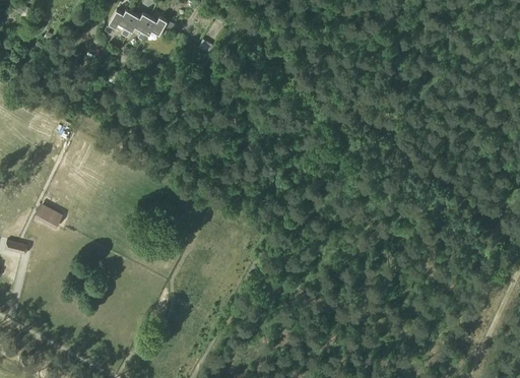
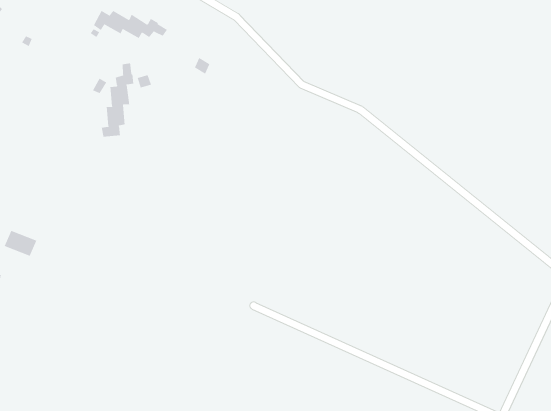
building: none -> [101,62,134,138]

